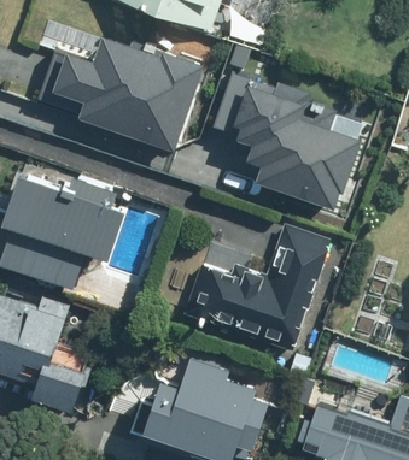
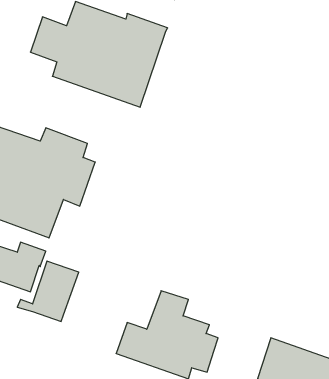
building: [212,72,360,210] -> none
building: [185,223,331,350] -> none

